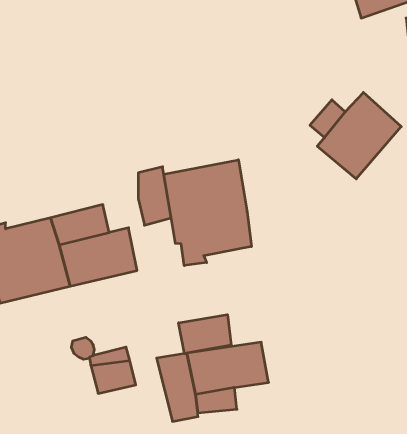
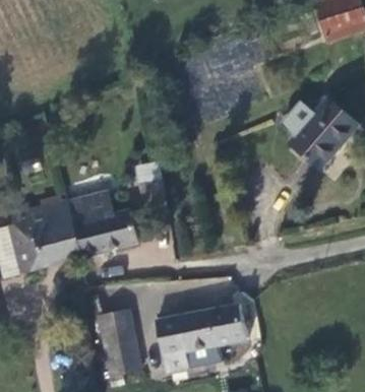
building: [164,160,251,266] -> none
building: [179,315,231,354] -> none
building: none -> [105,341,141,376]

